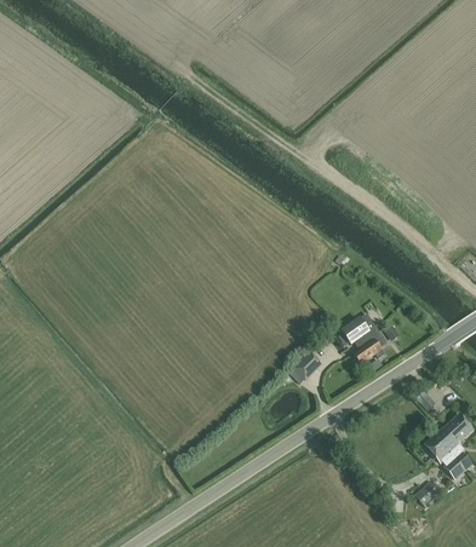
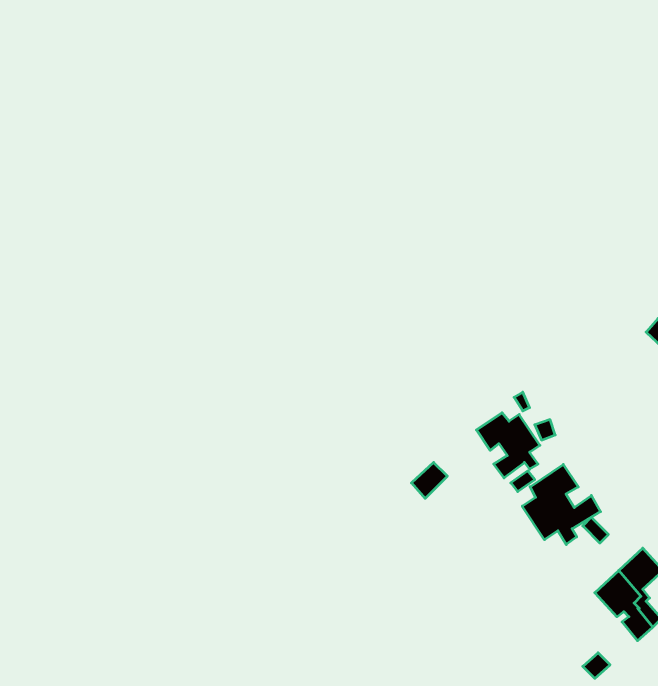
building: none -> [522,464,601,545]

